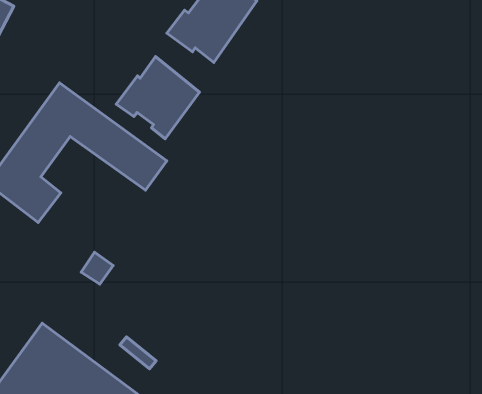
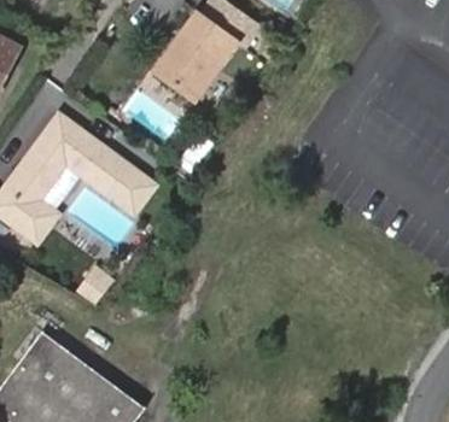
building: [116,56,200,139] -> none

